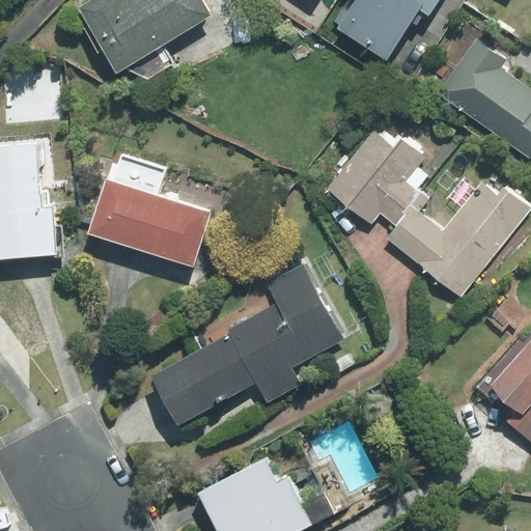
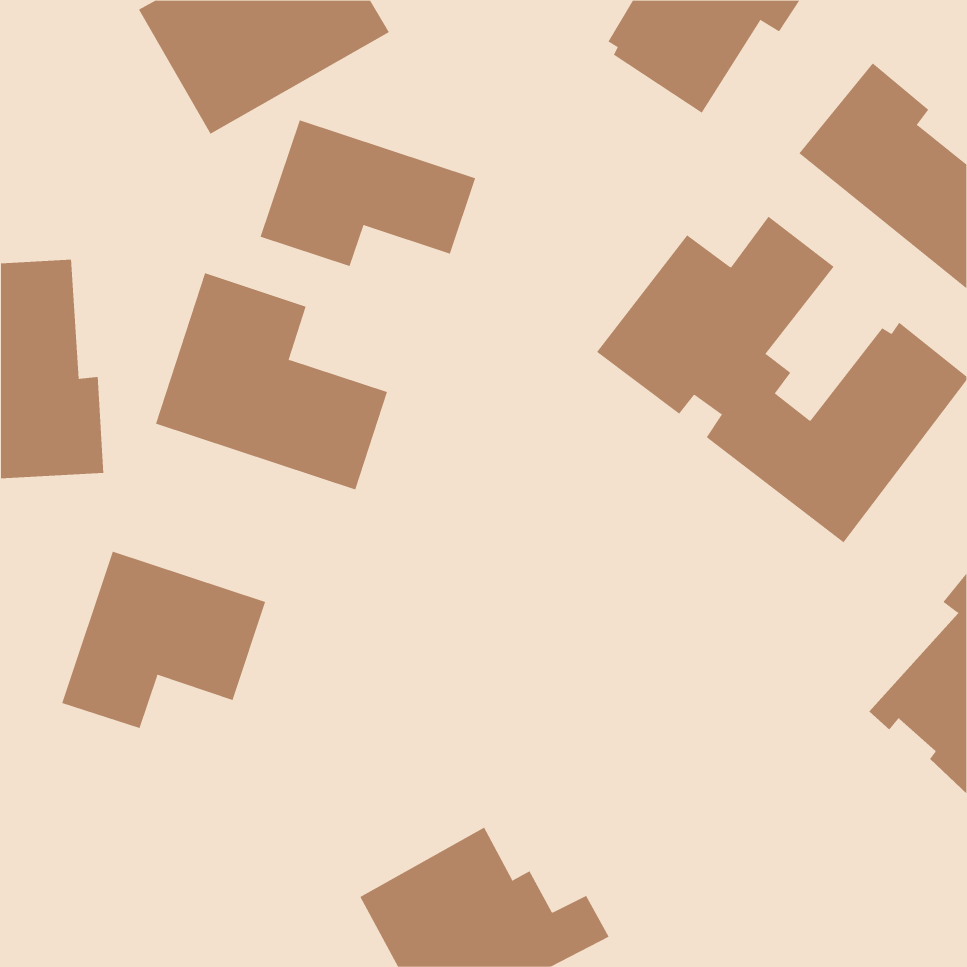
building: none -> [260,120,476,267]
building: [151,262,343,421] -> none
building: none -> [62,551,266,729]

